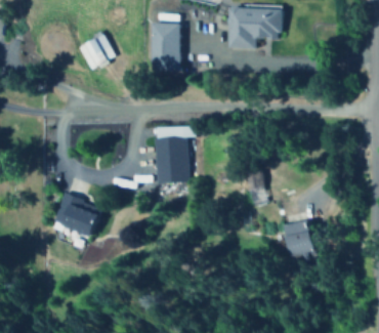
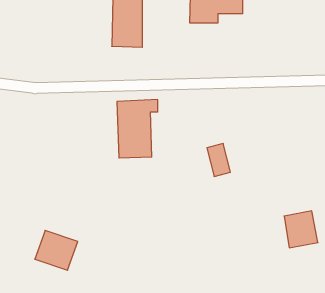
building: [79,35,114,69] -> none
building: [53,195,96,235] -> [35,230,78,270]
building: [282,220,315,257] -> [284,211,318,248]

